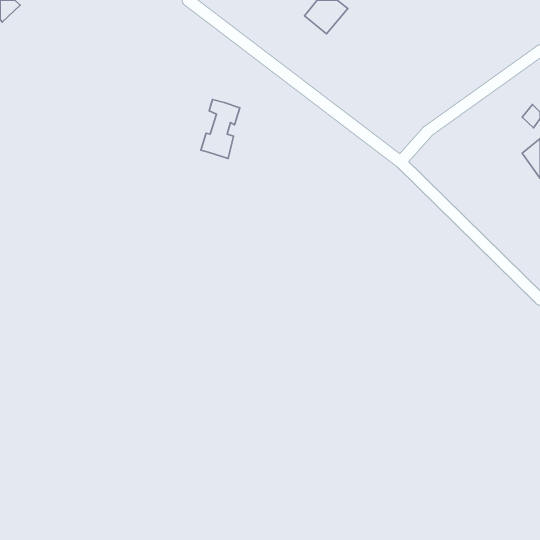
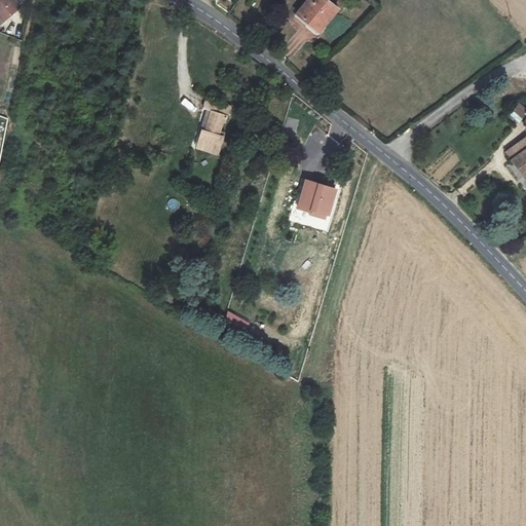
building: none -> [298,181,336,213]

